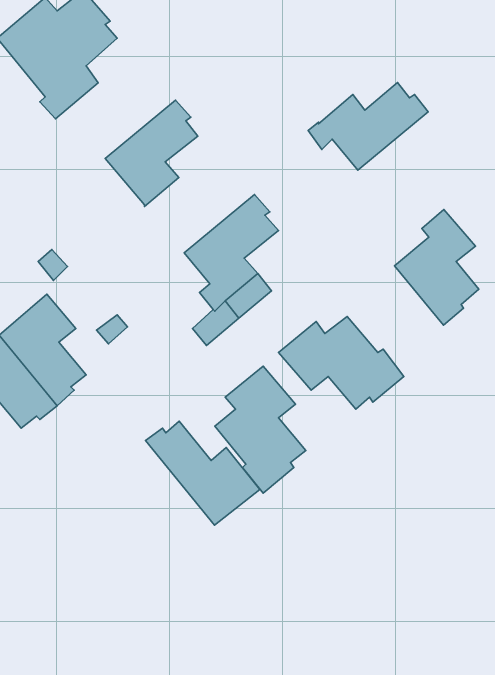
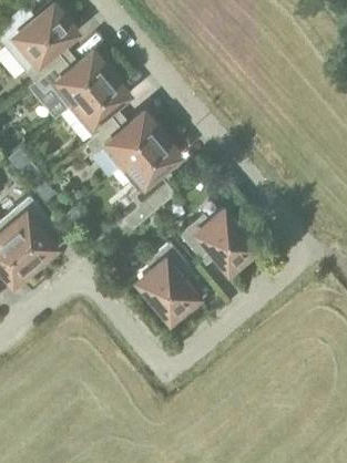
building: none -> [32,51,115,119]
building: [308,83,428,170] -> [89,112,166,168]
building: [394,210,479,325] -> none
building: [145,421,260,525] -> none

